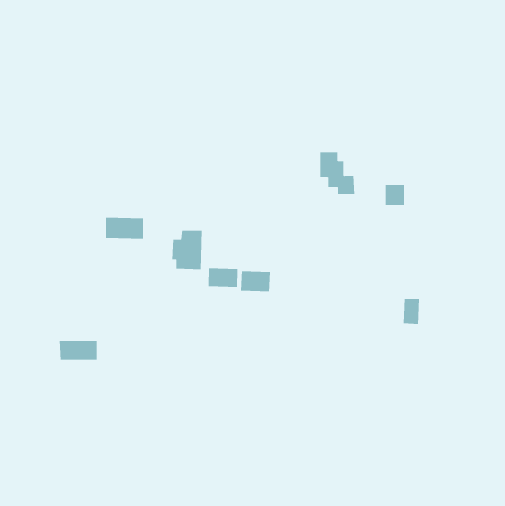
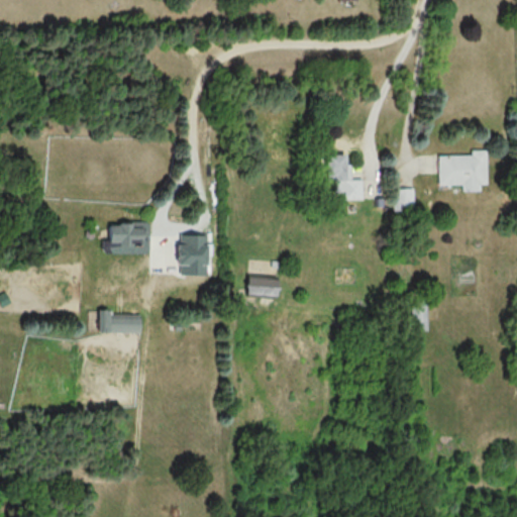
building: none -> [439,149,488,191]
building: [208,268,238,288] -> none
building: [59,340,97,360] -> [102,313,141,333]

